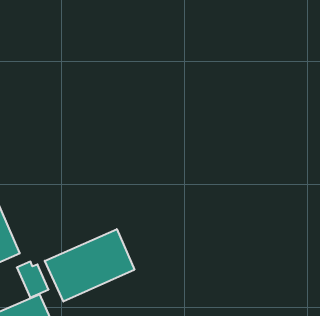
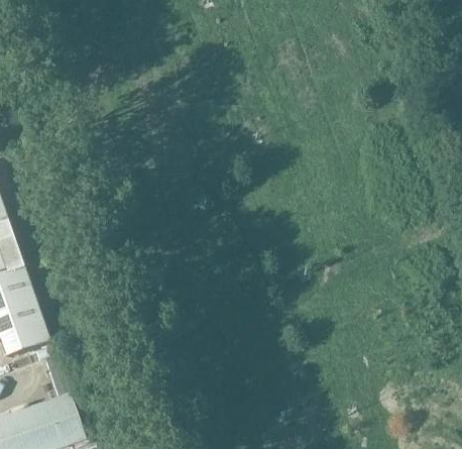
building: [45,229,134,302] -> none

